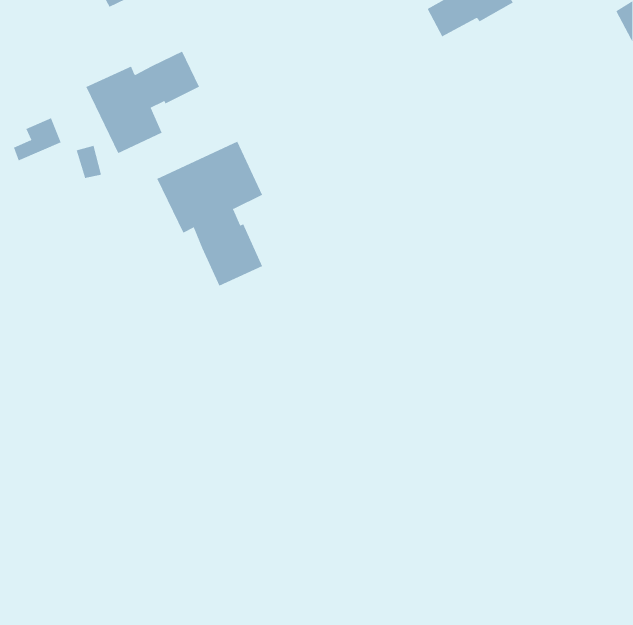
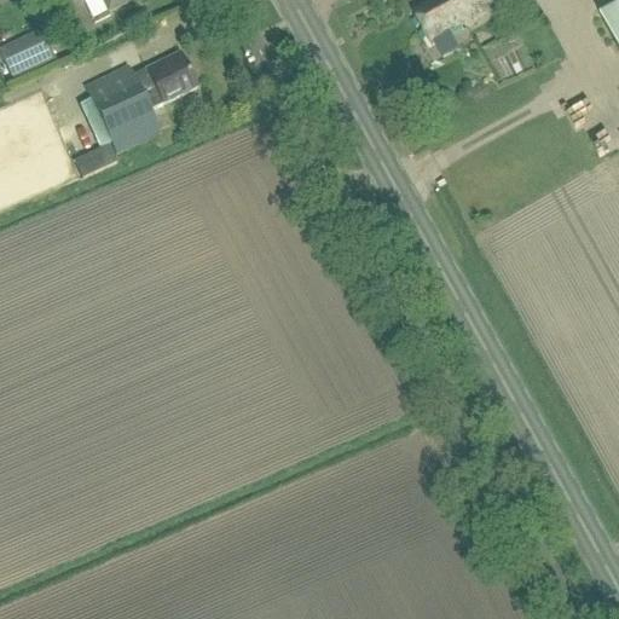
building: [13,118,61,161] -> [10,28,57,70]
building: [157,141,263,286] -> none

